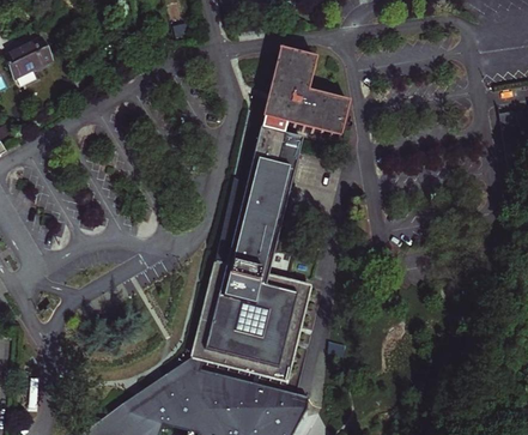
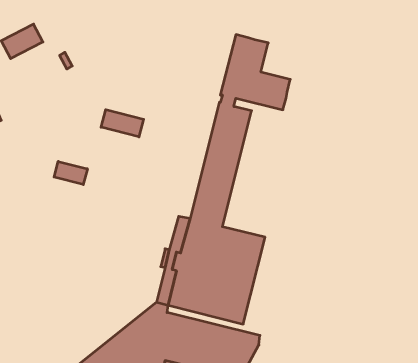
building: none -> [101,110,144,137]
building: none -> [54,161,87,185]

